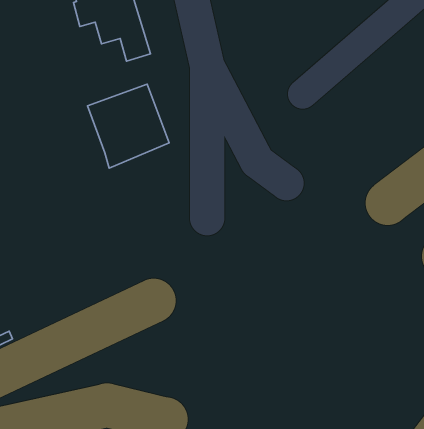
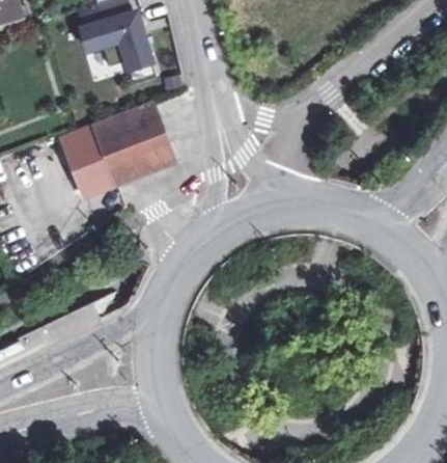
building: none -> [69,122,112,183]

